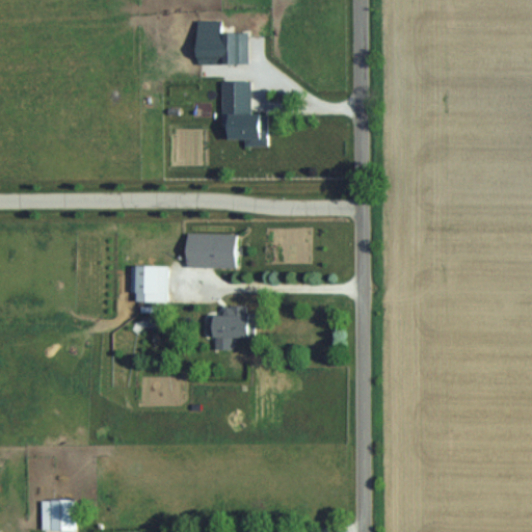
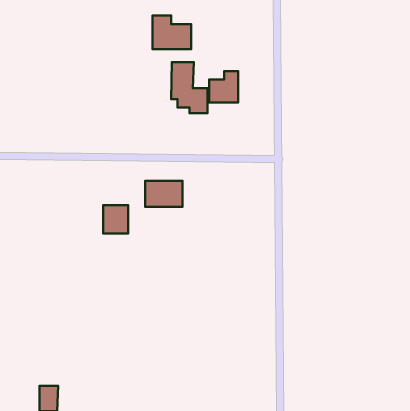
building: none -> [209,71,238,103]
building: [207,316,244,344] -> none

